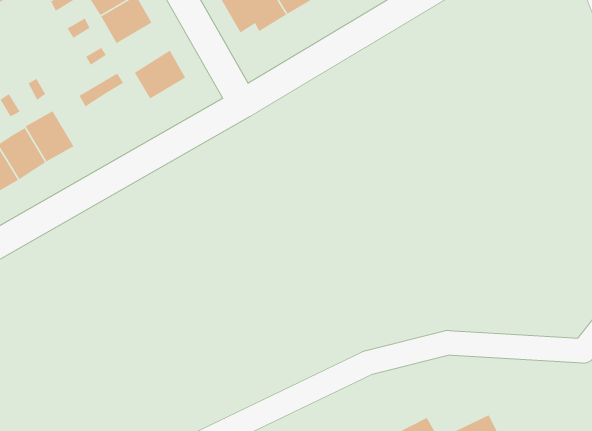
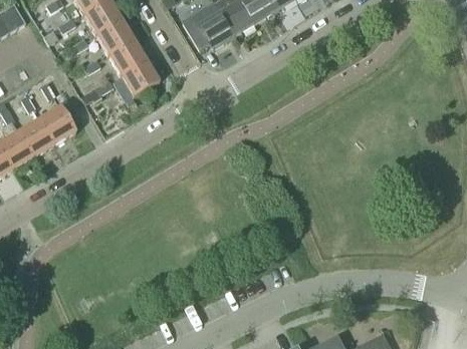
building: none -> [106,40,147,77]

